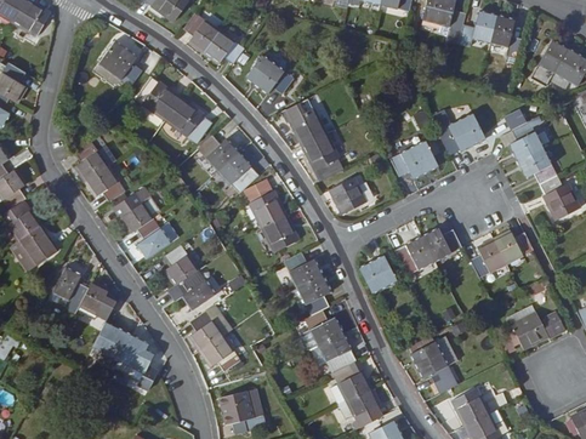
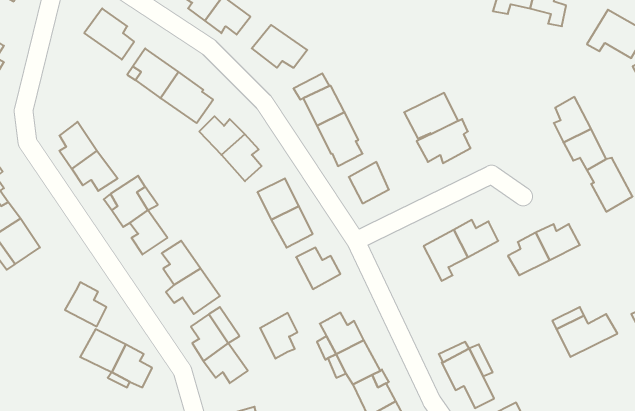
building: [436,114,483,154] -> [404,93,458,139]
building: [359,257,394,292] -> none
building: [53,268,90,307] -> none
building: [297,275,330,315] -> [260,313,297,359]

